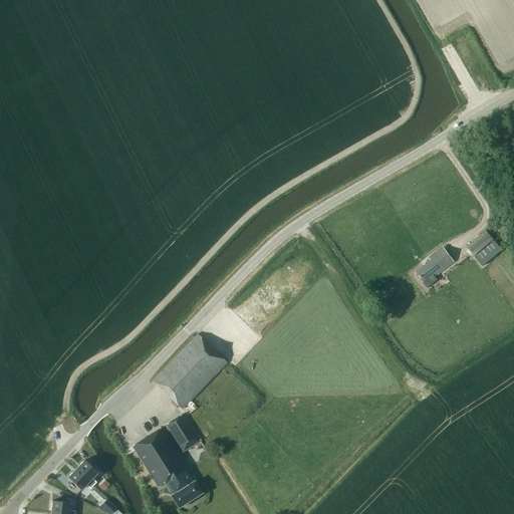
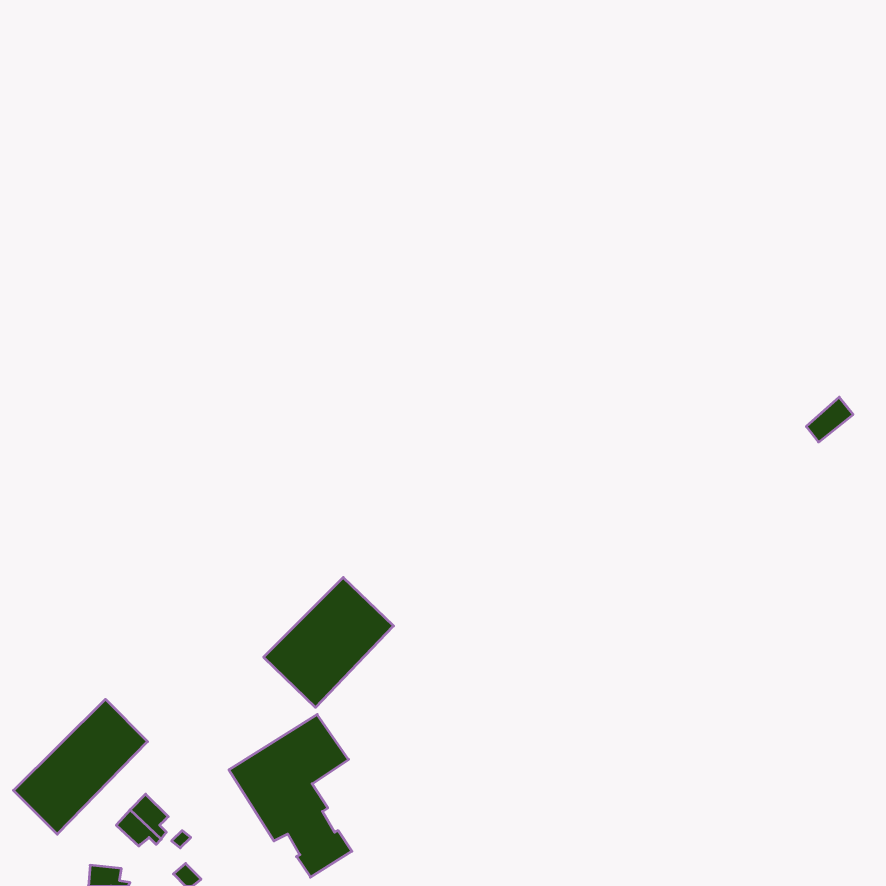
building: [416,247,455,288] -> none
building: none -> [13,699,148,834]

